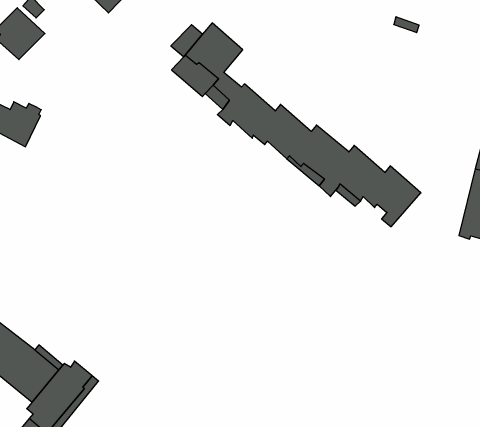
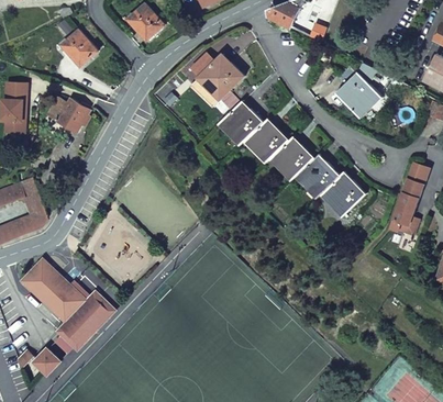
building: none -> [335,72,376,115]

